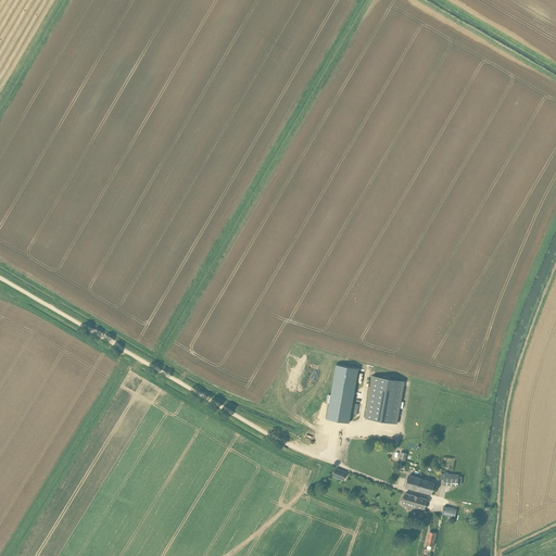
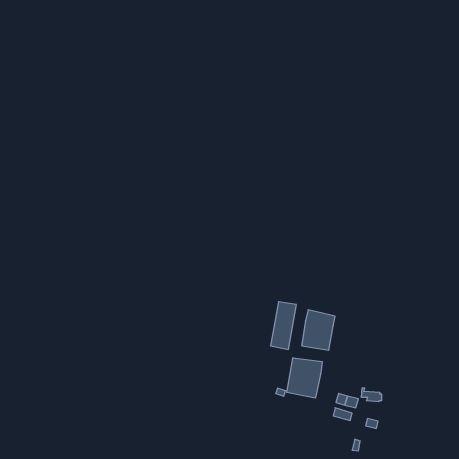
building: none -> [287,358,322,398]

